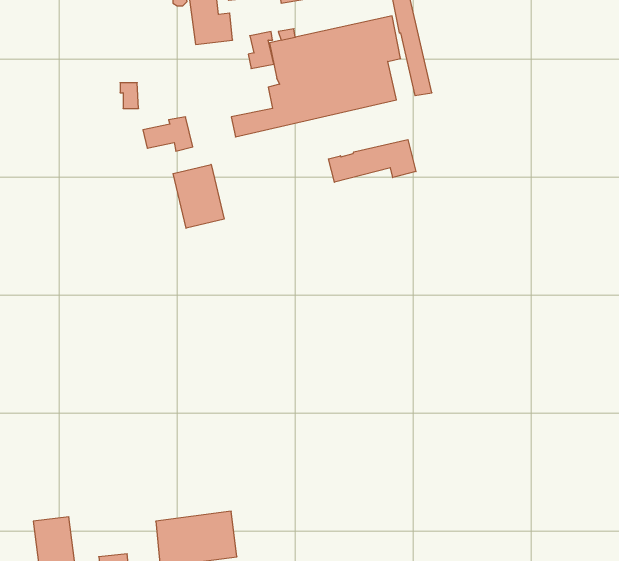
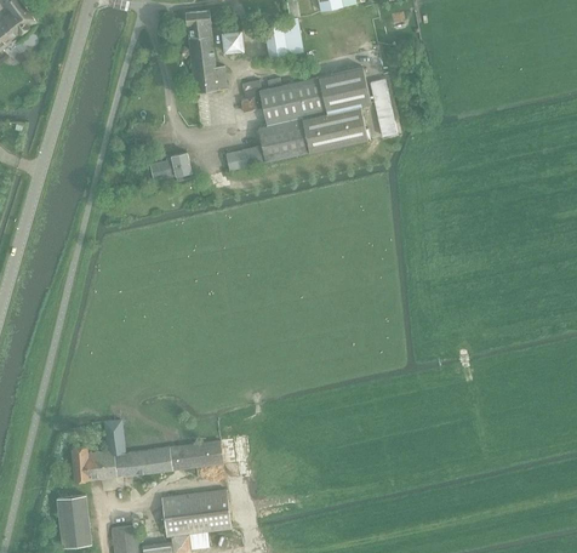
building: [328,140,416,182] -> none
building: [173,164,224,228] -> none
building: none -> [72,418,221,481]

